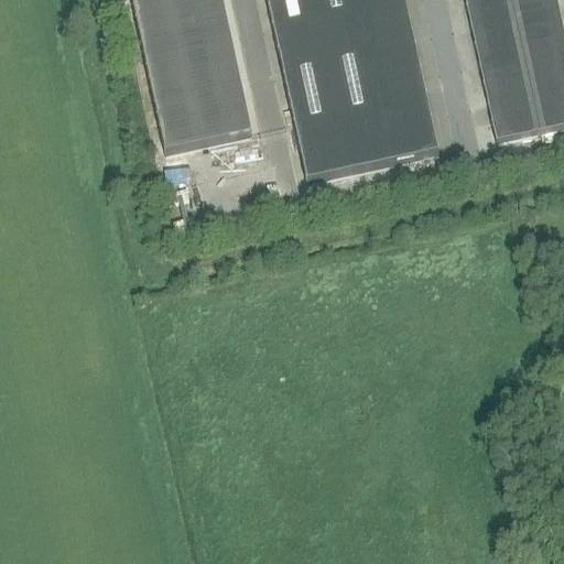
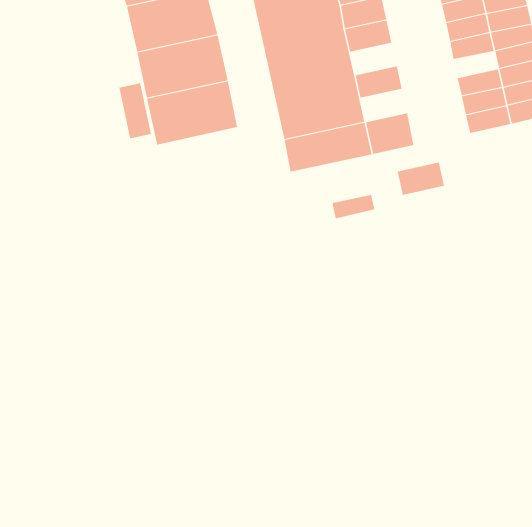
building: [370,45,421,79] -> none
building: [479,54,528,83] -> none
building: none -> [119,82,152,139]
building: [381,94,432,129] -> [397,162,445,195]
building: none -> [332,194,375,219]

